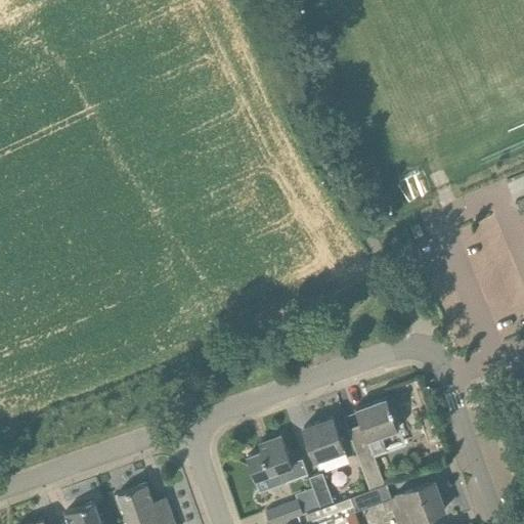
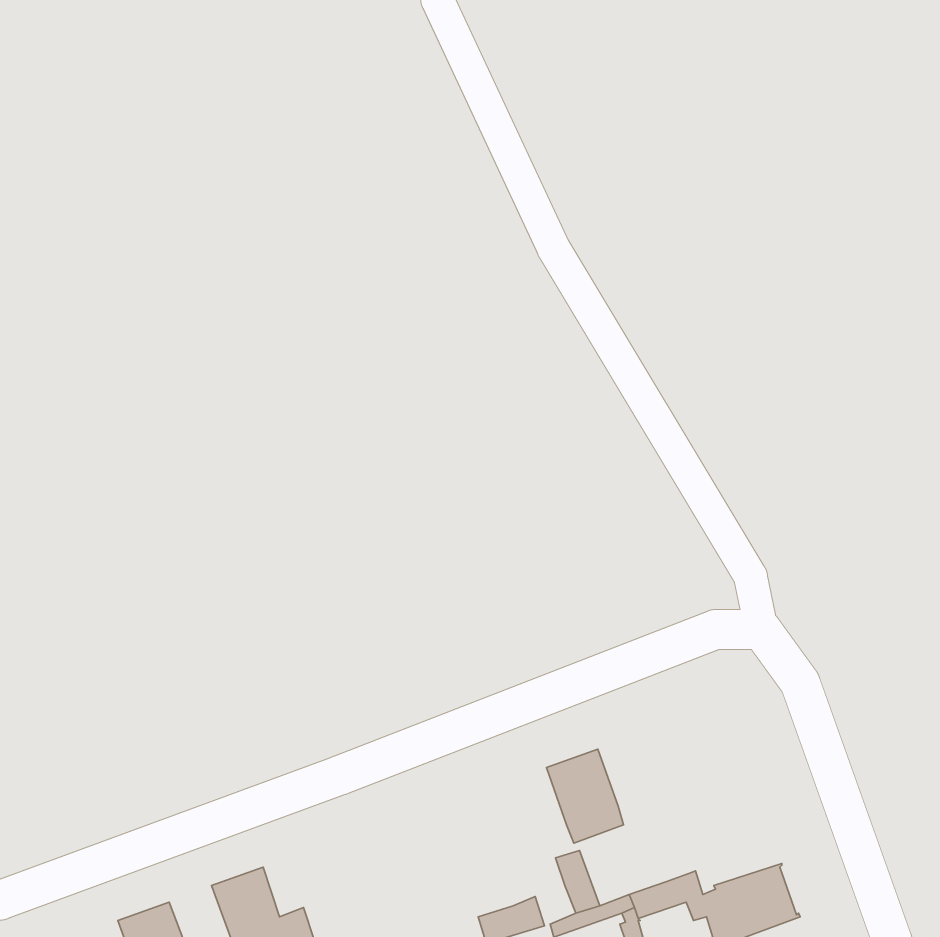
building: [348,398,398,492] -> none
building: [247,437,307,483] -> none

